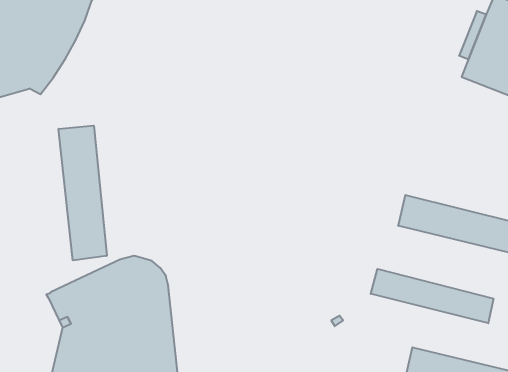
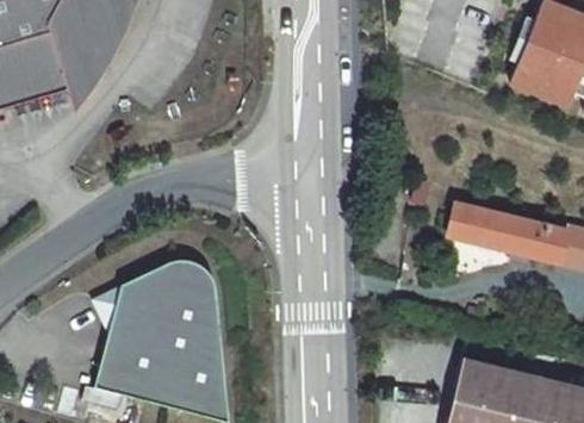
building: [59,126,107,260] -> none
building: [371,269,493,323] -> none

